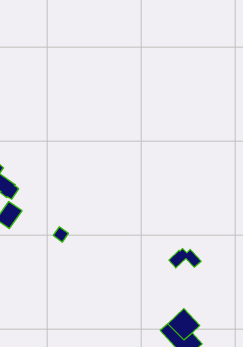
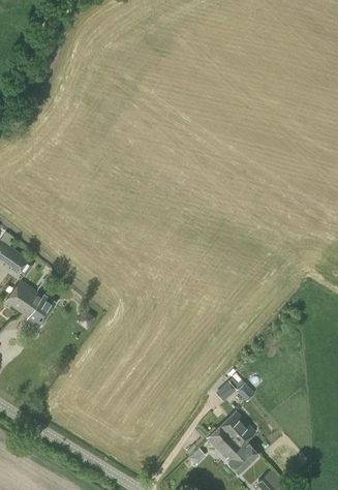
building: none -> [21,292,55,328]
building: [169,249,201,268] -> [214,378,253,402]

